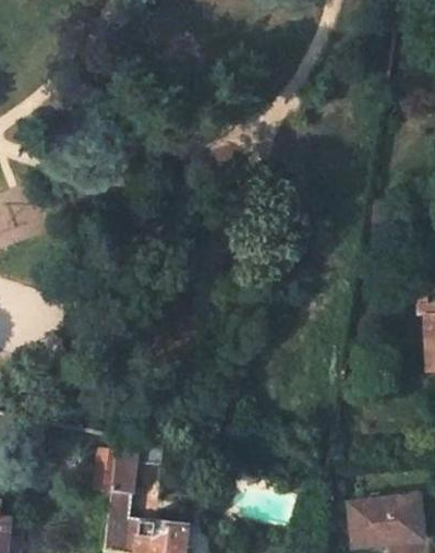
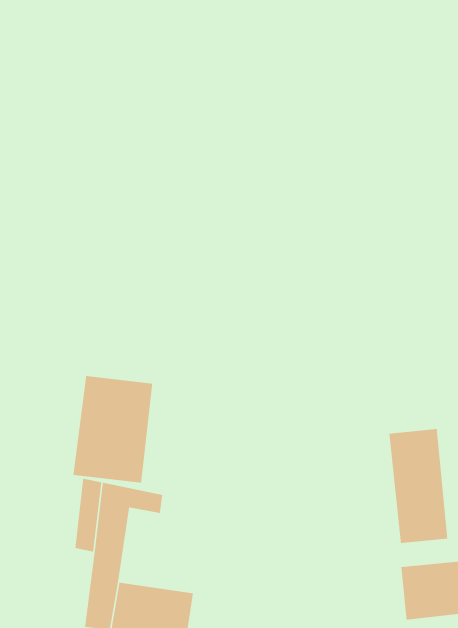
building: none -> [73,375,153,484]
building: none -> [388,428,448,544]

